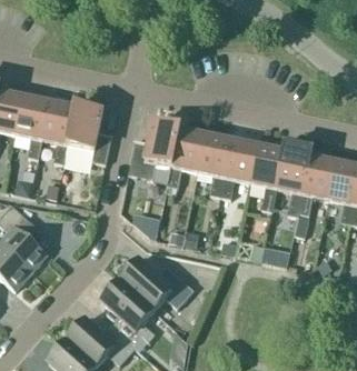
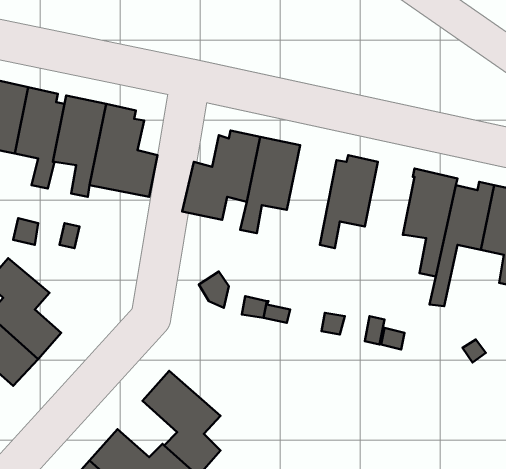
building: [198,129,231,195] -> none
building: [250,140,284,211] -> none
building: [119,259,192,310] -> none

